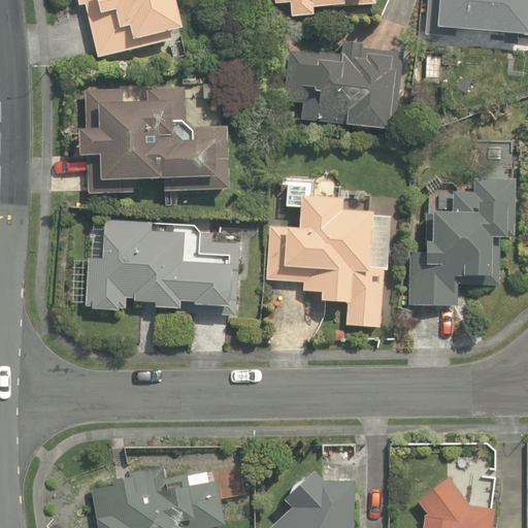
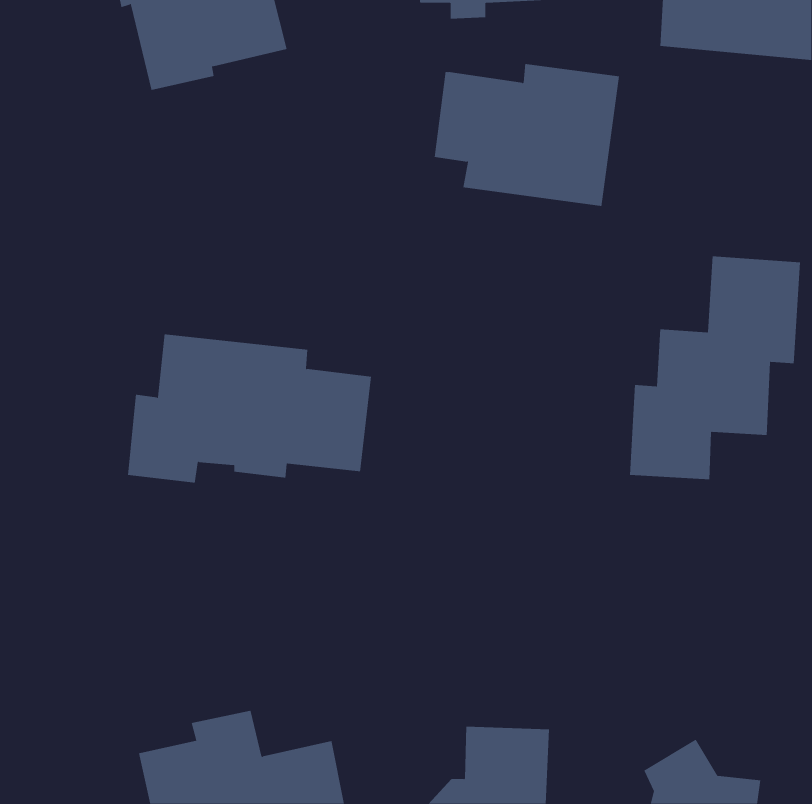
building: [82,82,232,194] -> none
building: [262,178,387,328] -> none

